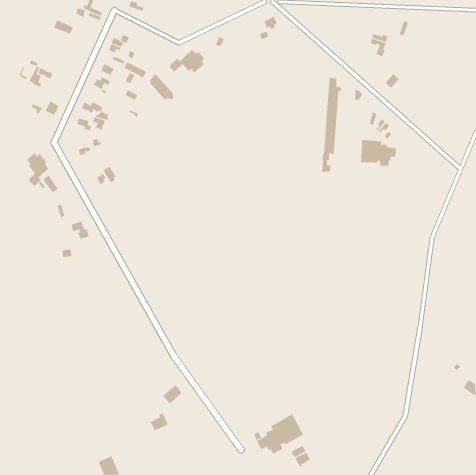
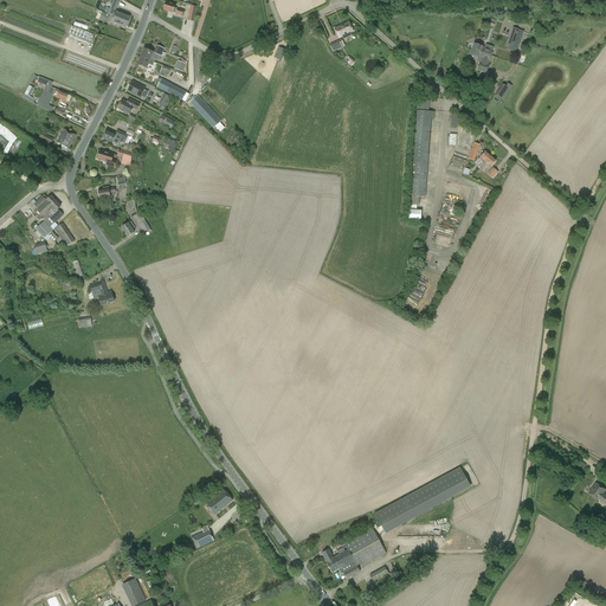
building: [168,49,205,73] -> none
building: [361,139,396,166] -> none
building: none -> [375,466,469,528]

